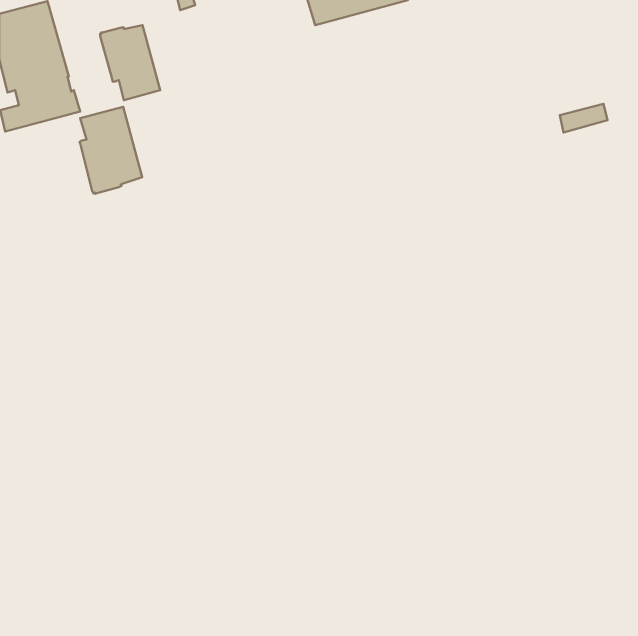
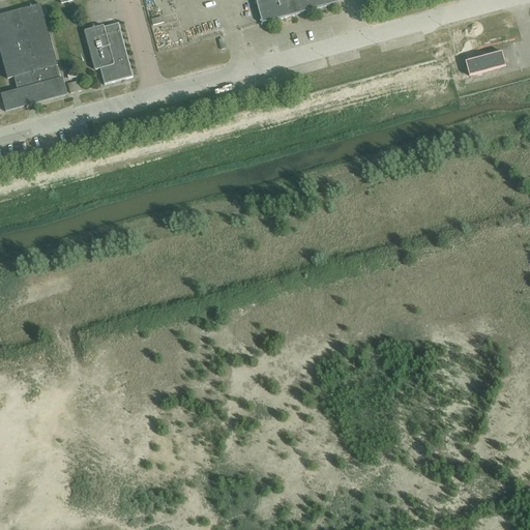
building: [560,104,607,133] -> [465,50,504,73]
building: [79,107,142,194] -> none

